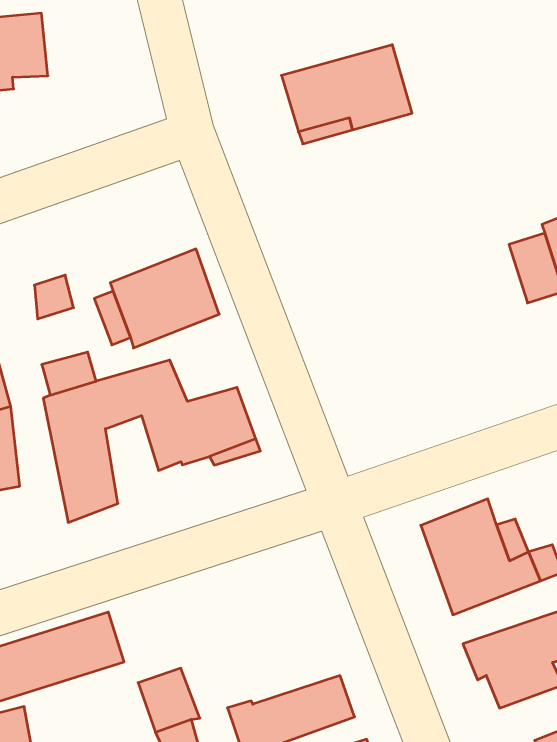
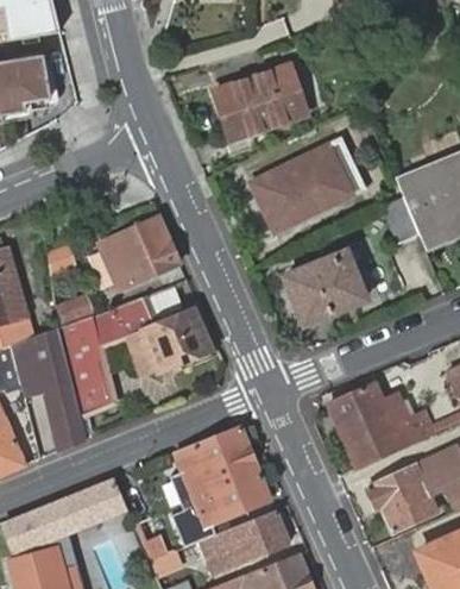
building: none -> [254,137,366,226]
building: none -> [285,251,365,324]
building: none -> [36,328,87,449]
building: none -> [176,428,270,534]

